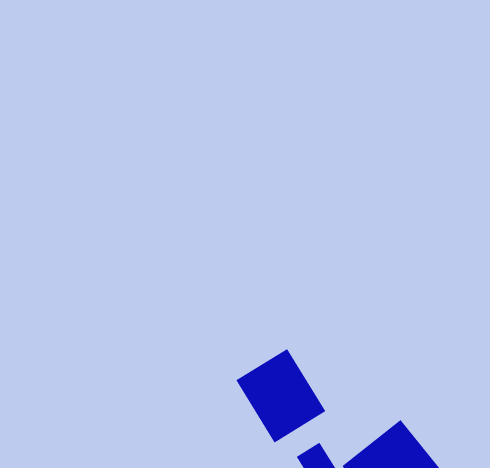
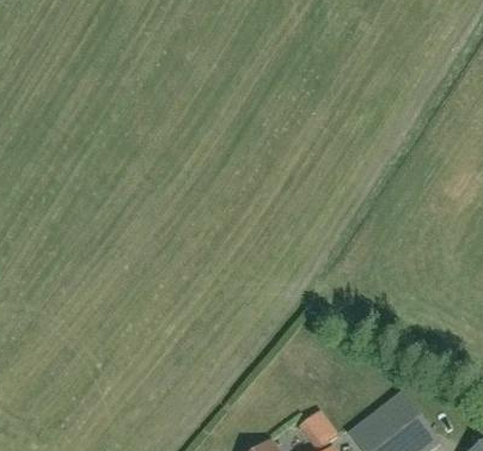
building: [236,348,326,444] -> none

